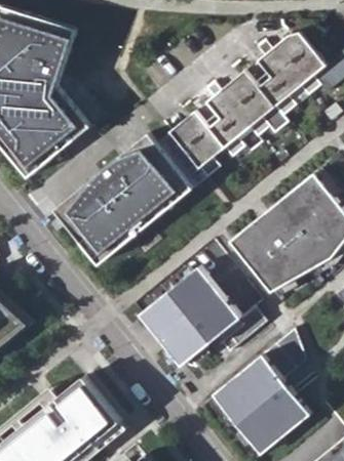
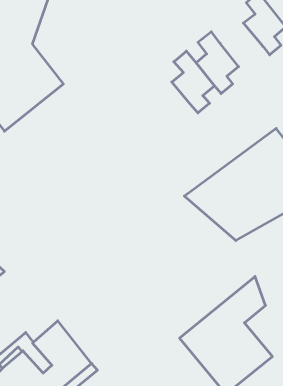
building: [256,50,301,116] -> none
building: [180,112,224,177] -> none
building: [53,131,192,263] -> none
building: [139,267,266,367] -> none

